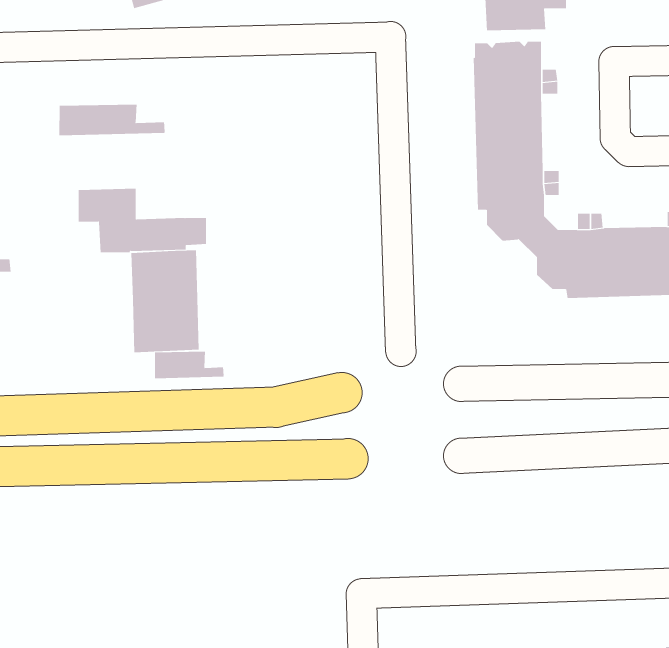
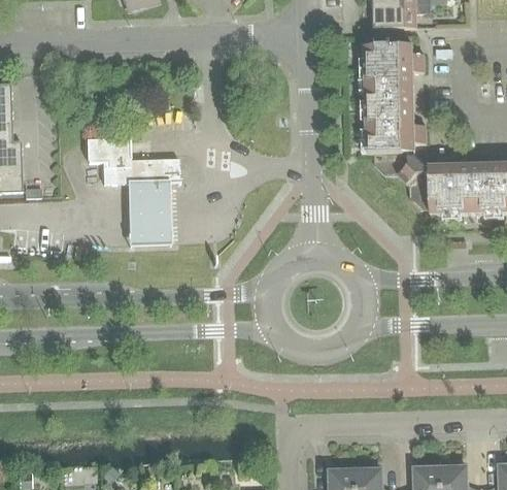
building: [59,104,165,136] -> none
building: [154,351,224,379] -> none

